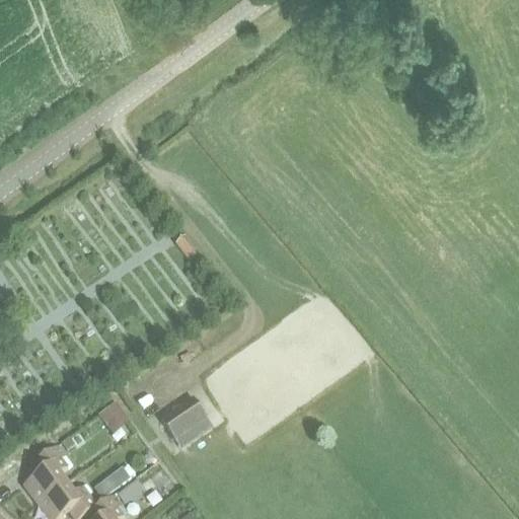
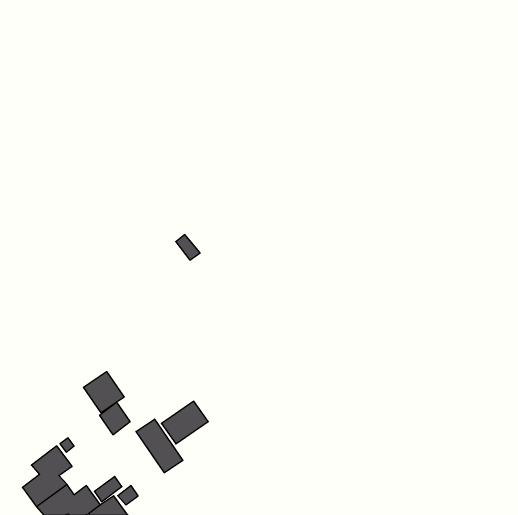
building: none -> [83,372,124,413]
building: none -> [136,419,183,473]

